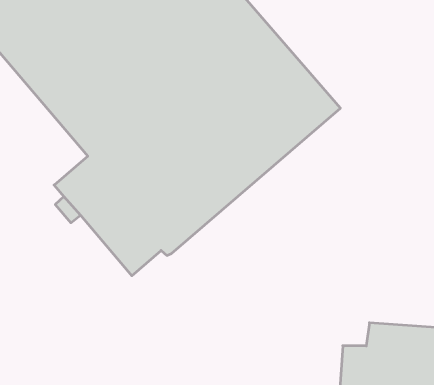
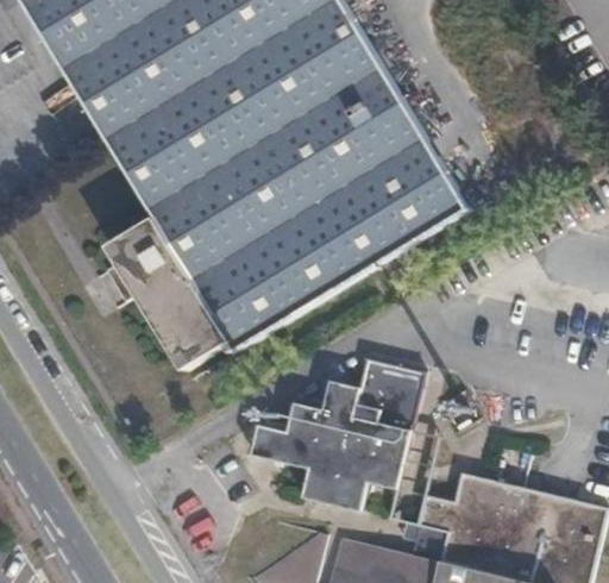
building: none -> [247,358,422,510]

